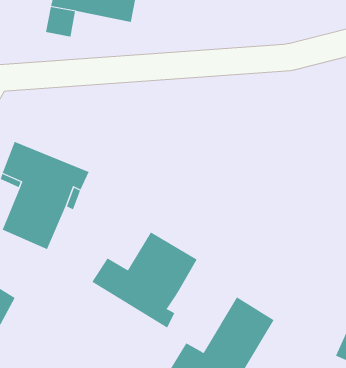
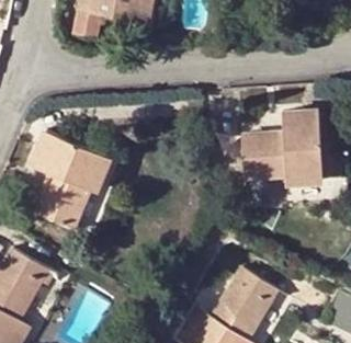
building: none -> [241,110,321,181]
building: [92,232,198,328] -> none

